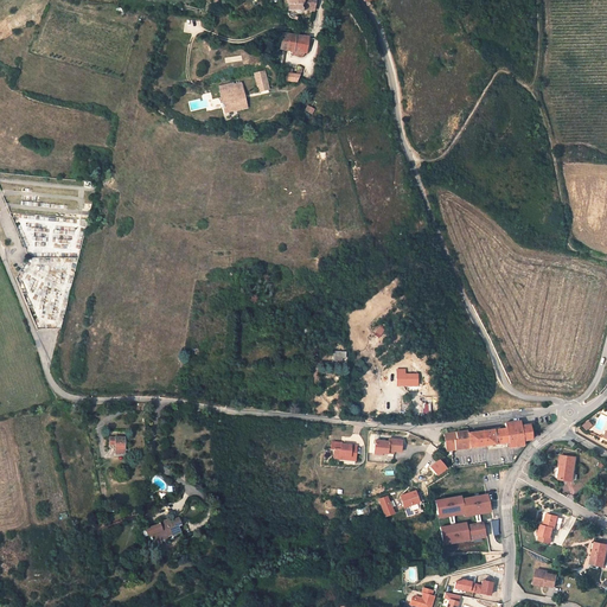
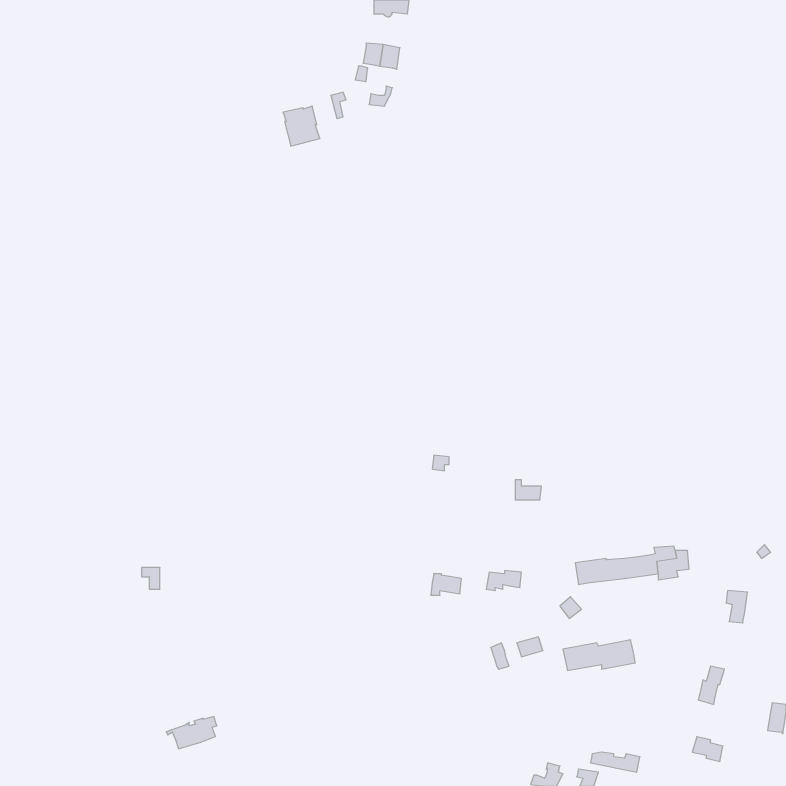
building: [141,517,180,542] -> [166,717,217,749]
building: [440,522,485,543] -> none

